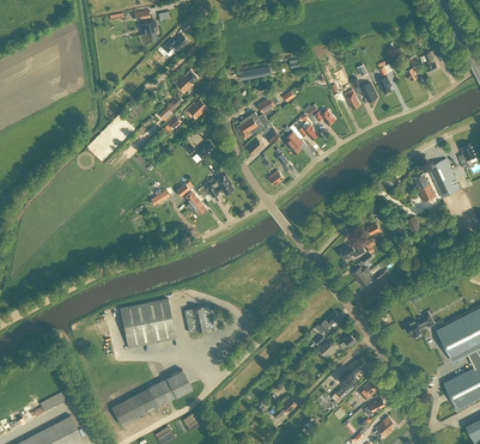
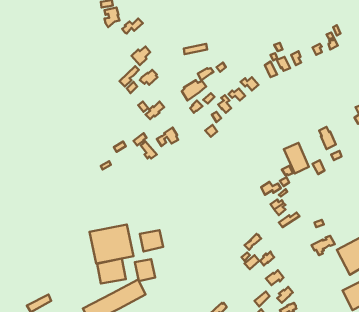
building: [427,158,460,197] -> [284,143,309,173]
building: none -> [97,258,126,283]
building: none -> [135,259,155,281]

